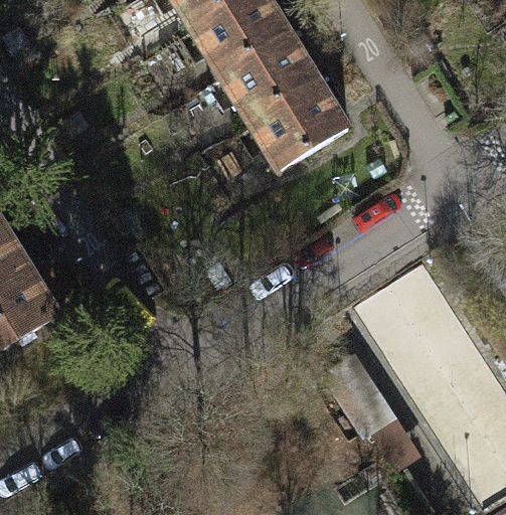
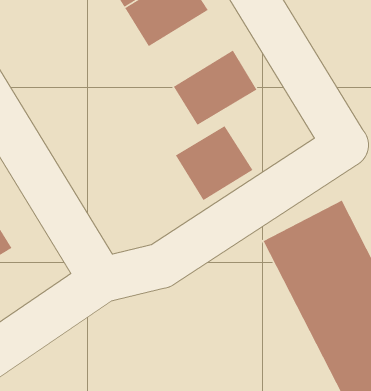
building: [217,29,319,121] -> none
building: none -> [175,125,253,201]

